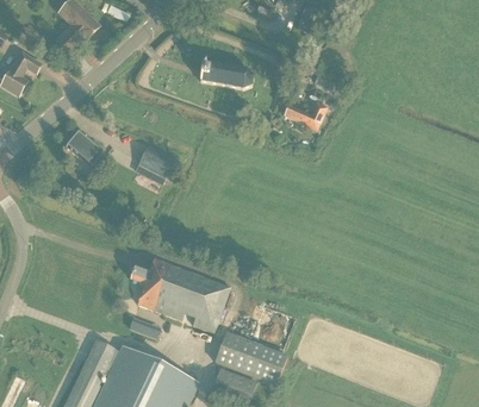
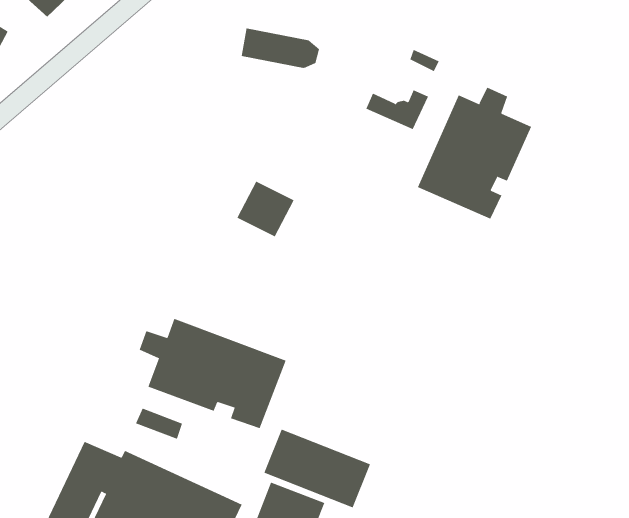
building: none -> [417,87,532,220]
building: [66,131,101,164] -> none
building: [135,146,174,184] -> [237,181,295,237]

